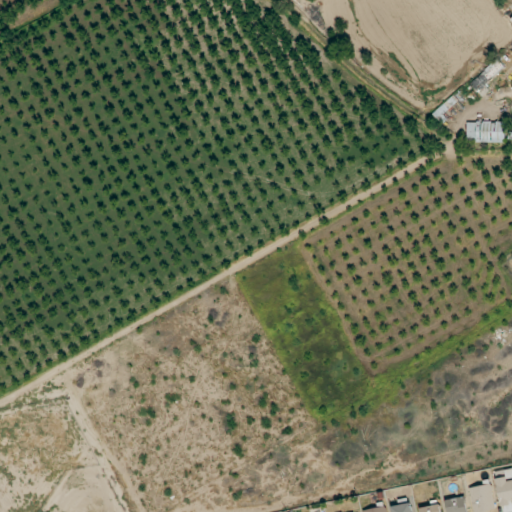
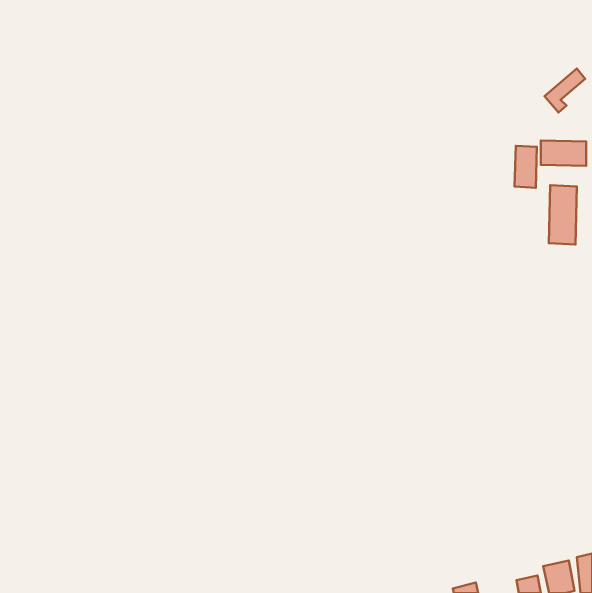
building: none -> [515,146,537,188]
building: none -> [549,185,577,245]

